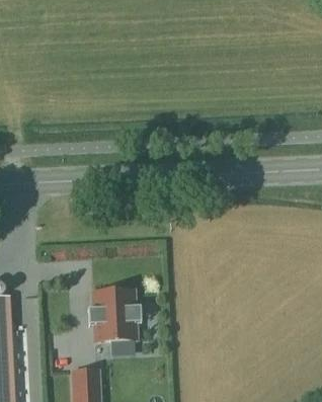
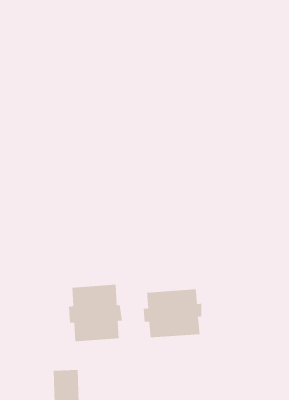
building: none -> [143,289,202,338]

